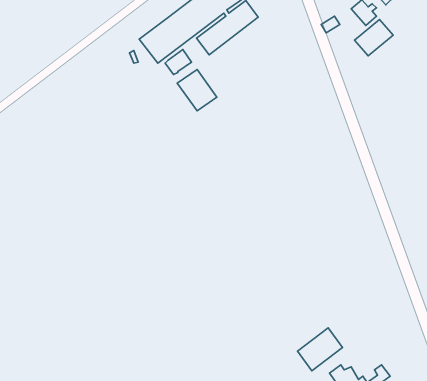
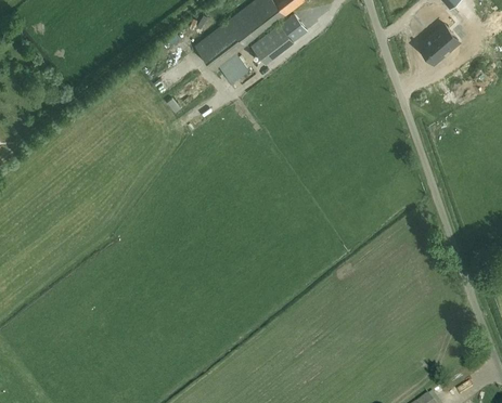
building: [177,69,217,111] -> none
building: [297,328,342,371] -> none

